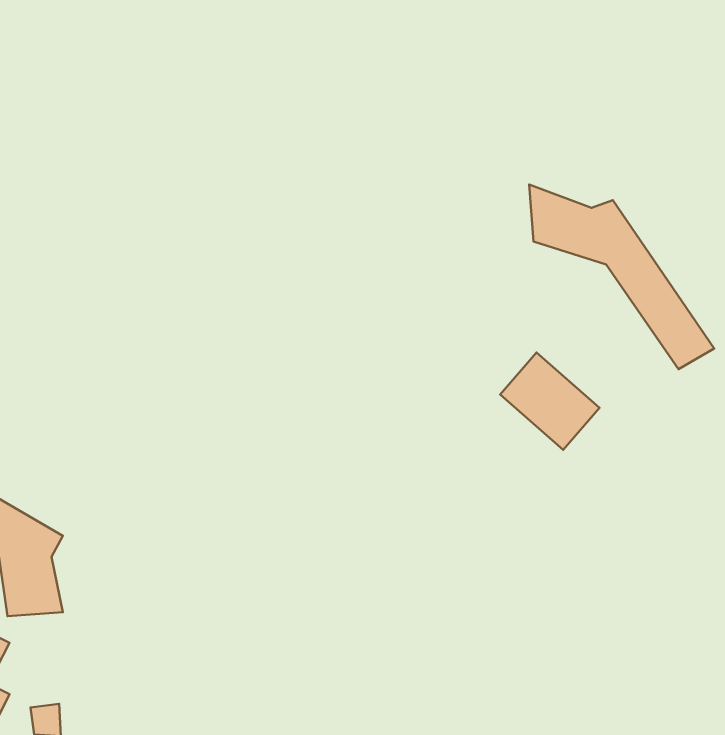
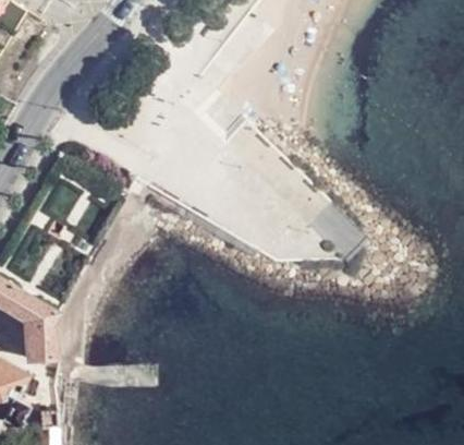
building: [529,185,714,369] -> none

